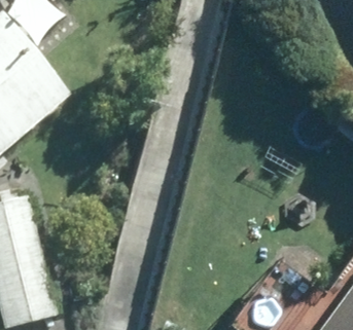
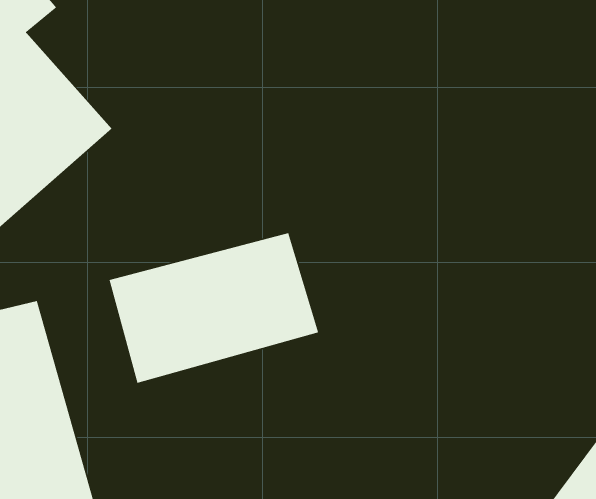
building: none -> [108,232,319,384]

